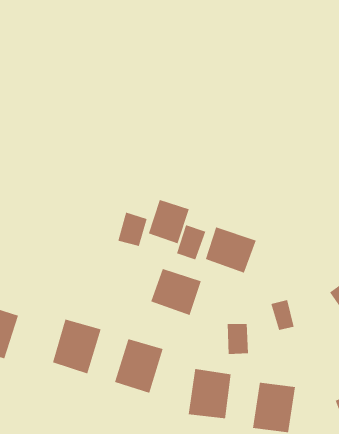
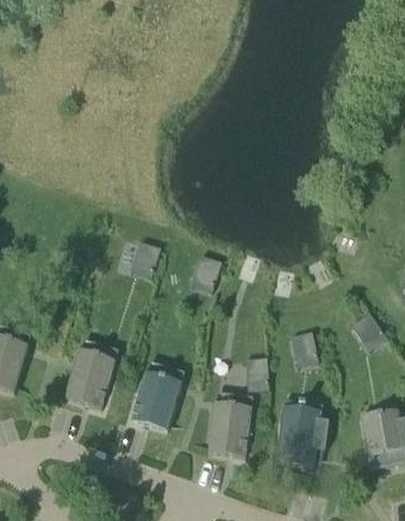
building: [148,199,190,244] -> none
building: [205,227,256,273] -> none
building: [151,268,202,316] -> none

